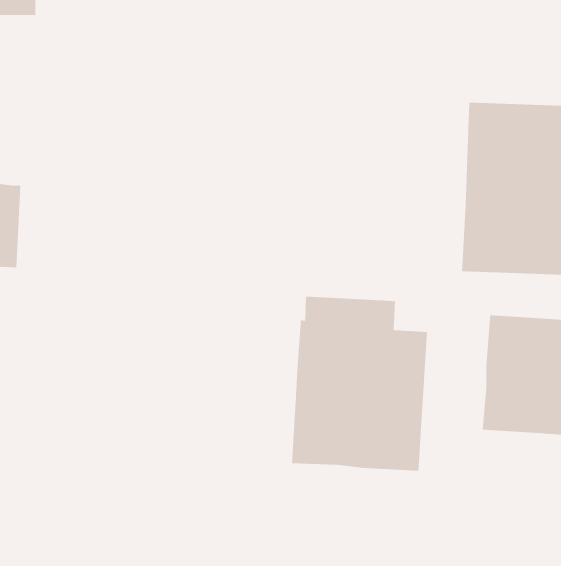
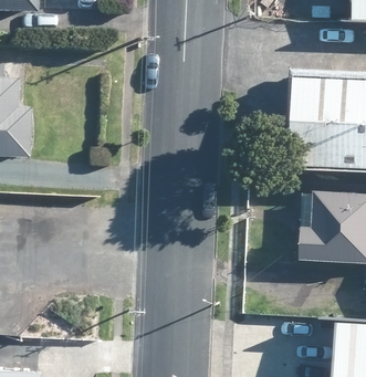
building: [291,296,428,471] -> none

